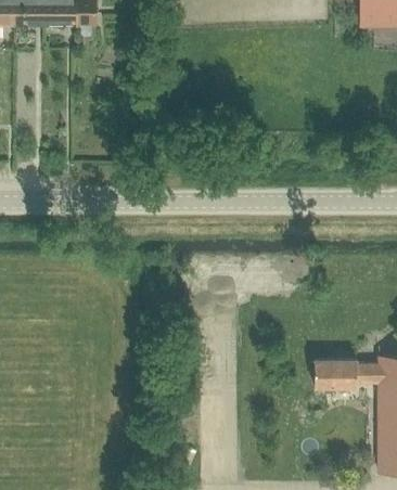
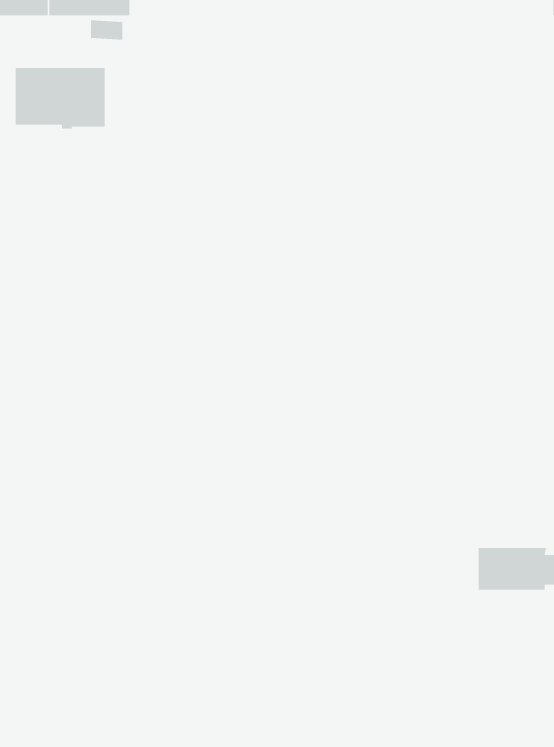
building: none -> [15,67,105,129]

